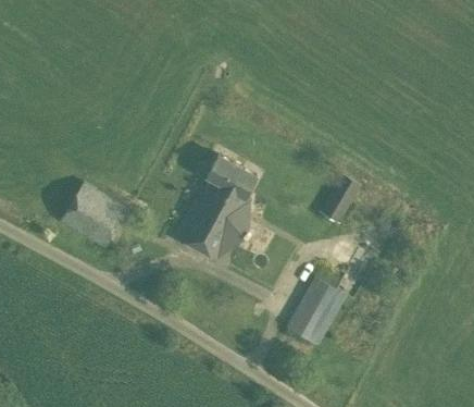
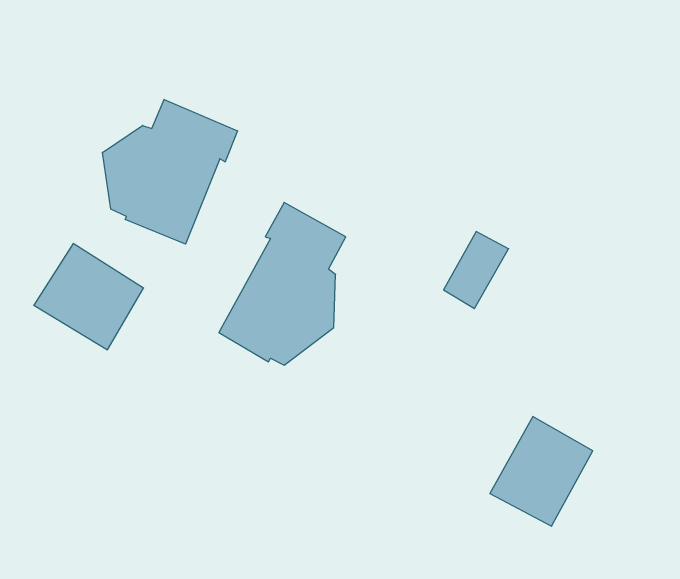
building: none -> [102,99,237,244]
building: [286,276,351,346] -> [490,417,593,526]

